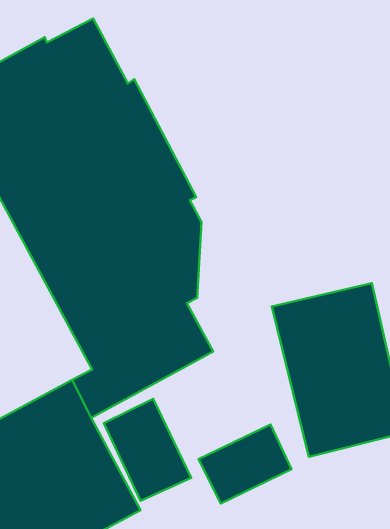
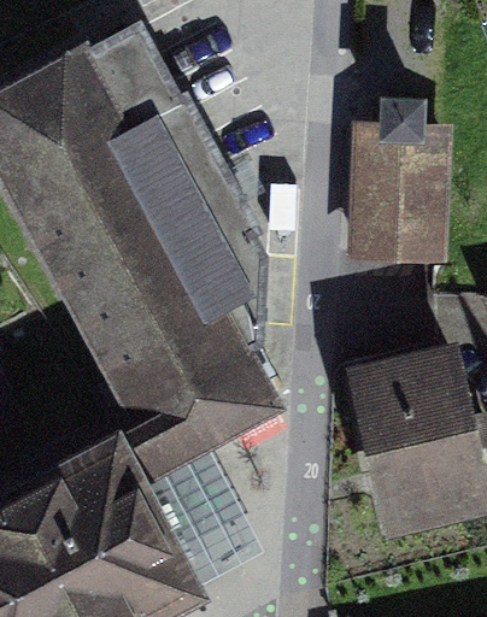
building: none -> [347,89,451,265]
building: [199,425,291,503] -> none

